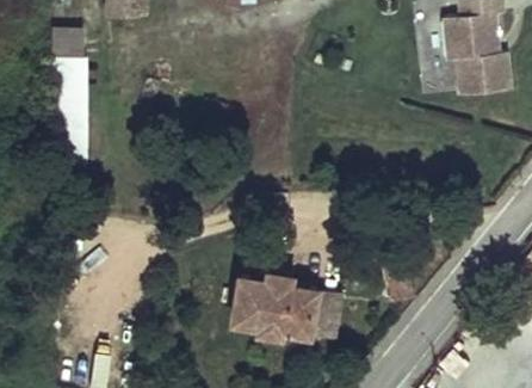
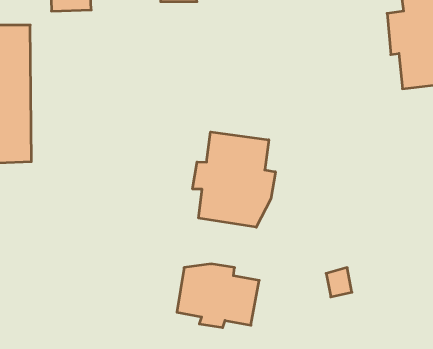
building: none -> [193,132,275,227]
building: [308,290,341,340] -> none

